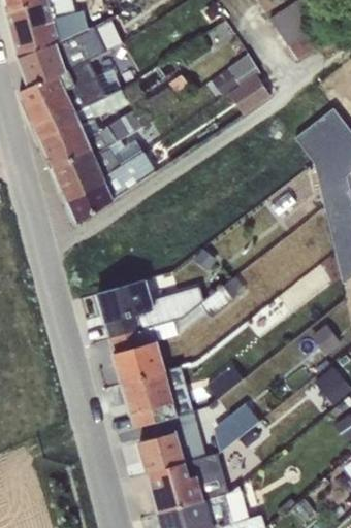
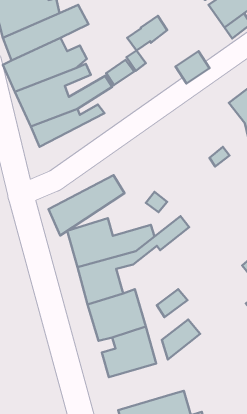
building: [211,53,259,95] -> [127,16,167,50]
building: [63,151,156,224] -> [48,175,124,235]
building: [148,452,229,513] -> none

